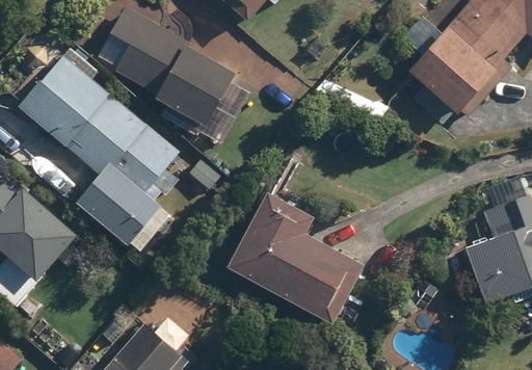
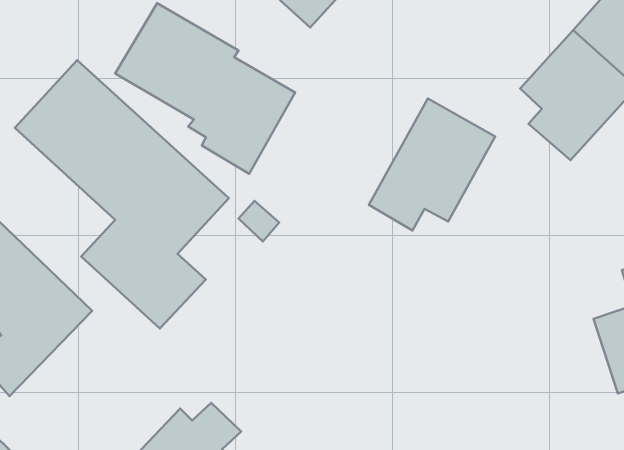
building: none -> [369,98,495,231]
building: [223,189,362,326] -> none

